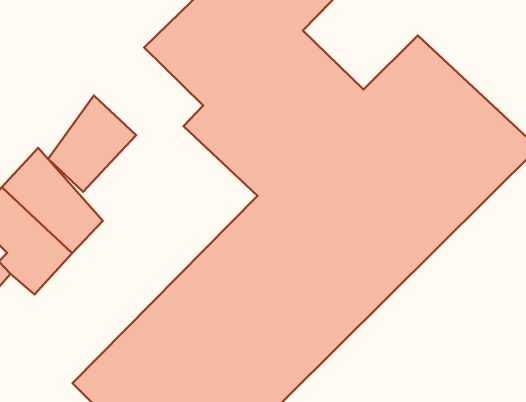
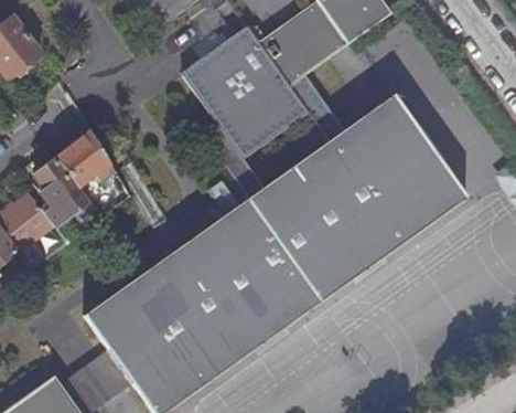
building: [48,95,136,192] -> none

